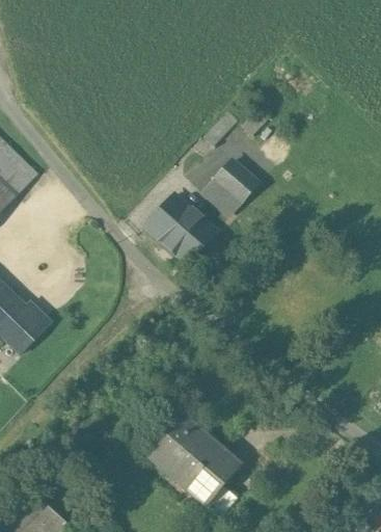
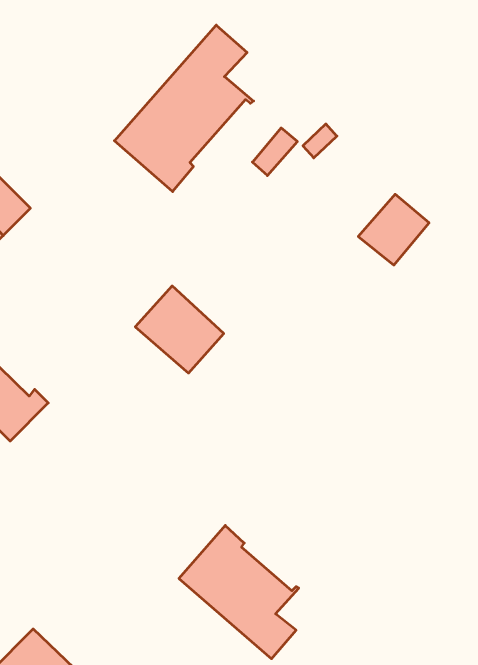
building: none -> [114,25,254,192]
building: [202,160,256,214] -> [358,194,429,265]
building: [146,194,214,261] -> [135,286,224,373]

